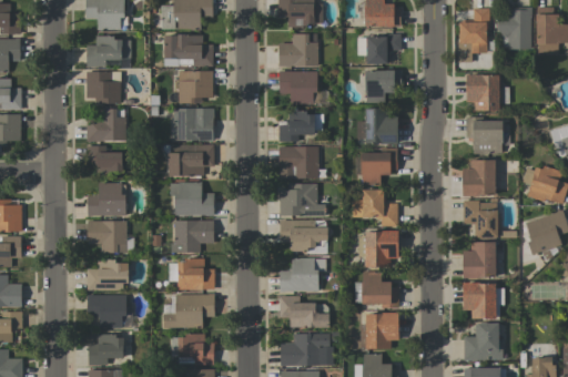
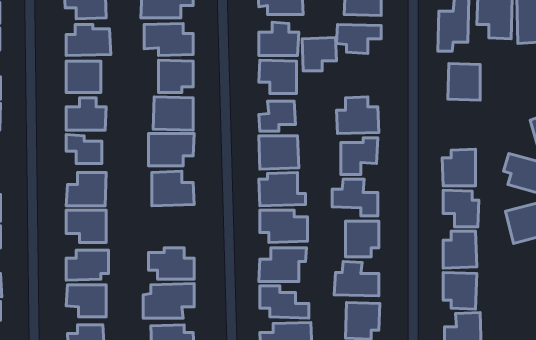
building: [365,70,399,103] -> [302,38,337,71]
building: [466,120,503,154] -> none
building: [173,221,214,253] -> none

